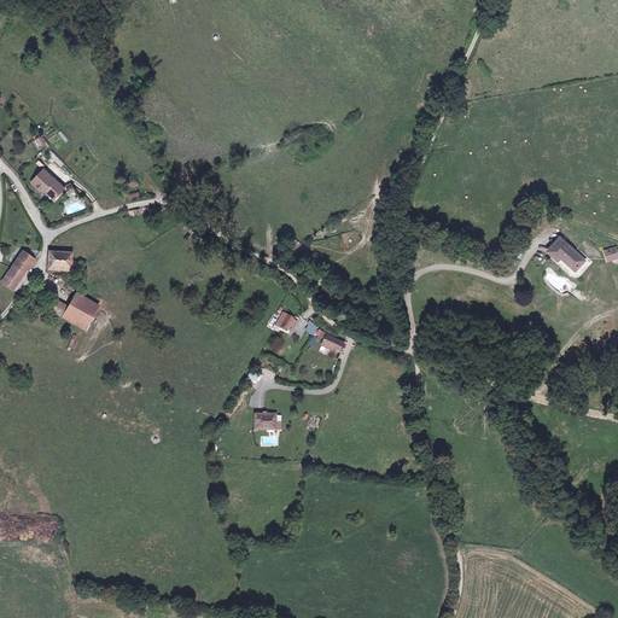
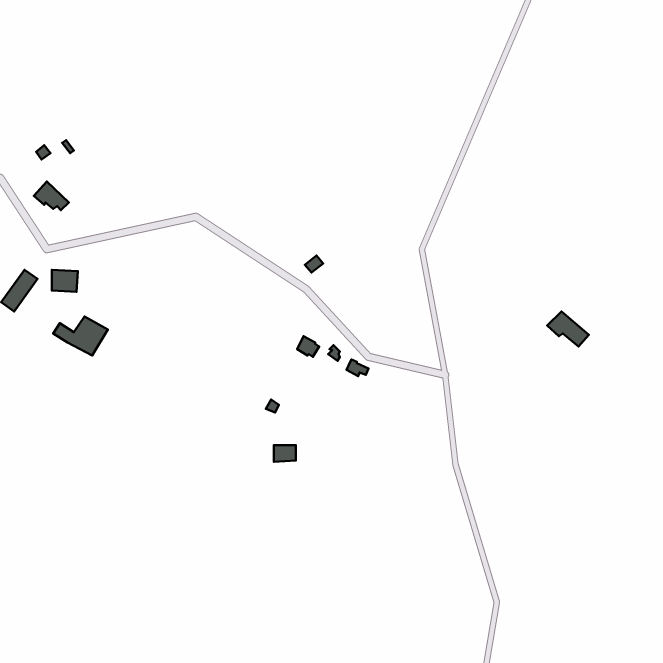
building: [547,237,585,269] -> [547,311,589,346]

